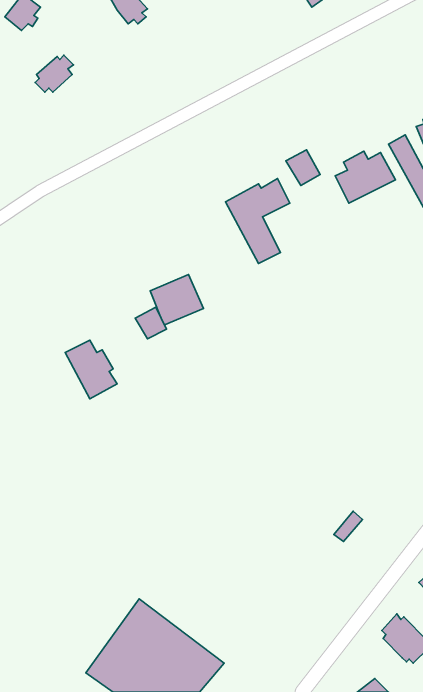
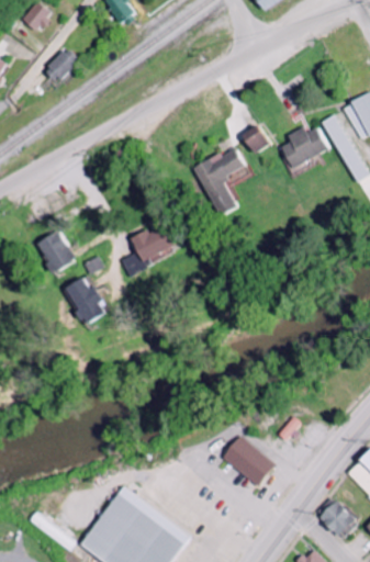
building: none -> [35,231,77,273]
building: none -> [224,435,276,485]

